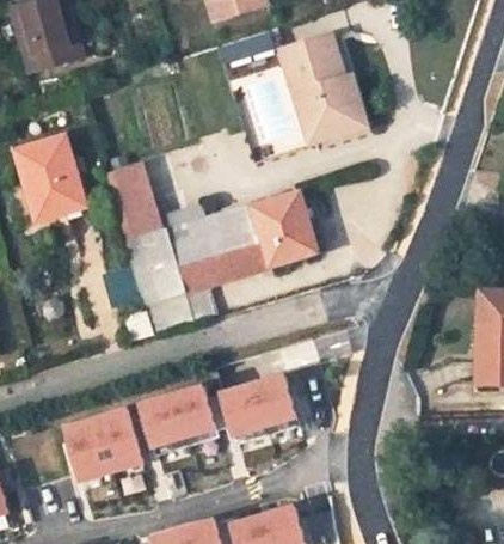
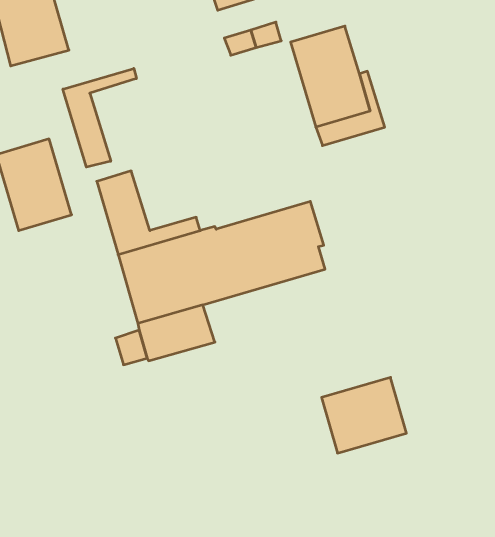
building: none -> [63,68,136,167]
building: [221,375,297,444] -> [322,377,406,453]
building: [140,386,216,454] -> none
building: [63,409,140,481] -> none

